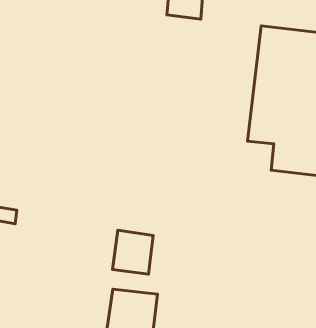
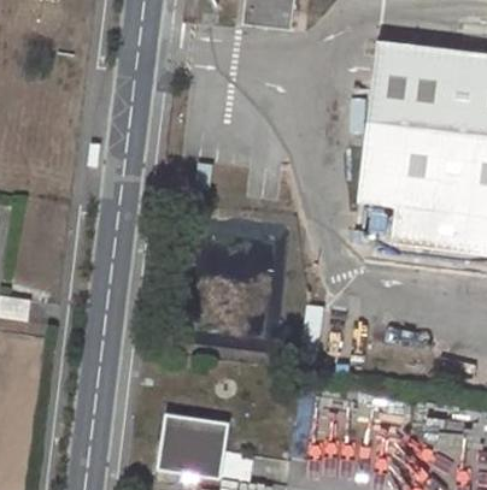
building: [112,230,153,274] -> none

